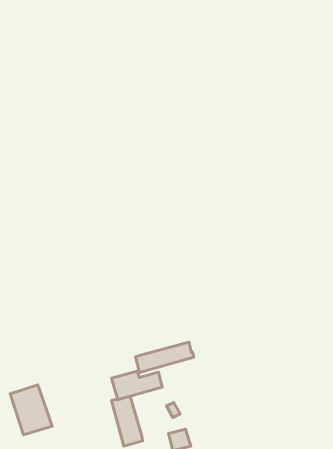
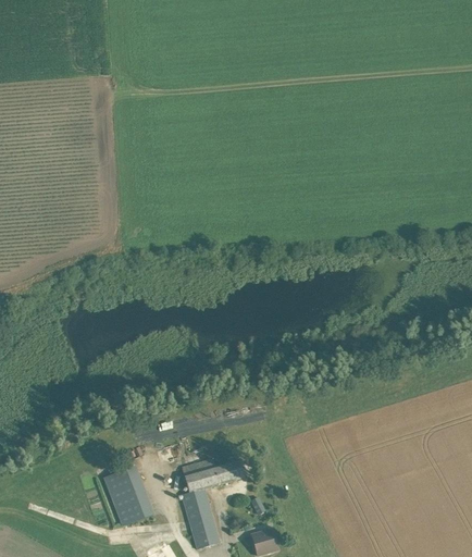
building: [135,342,194,373] -> none
building: [10,385,52,435] -> [104,465,156,525]

